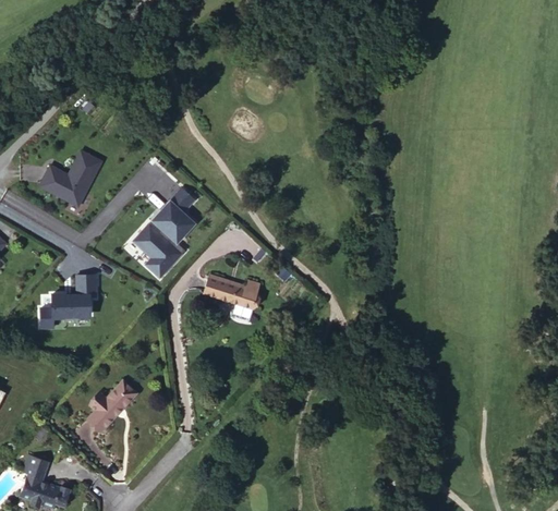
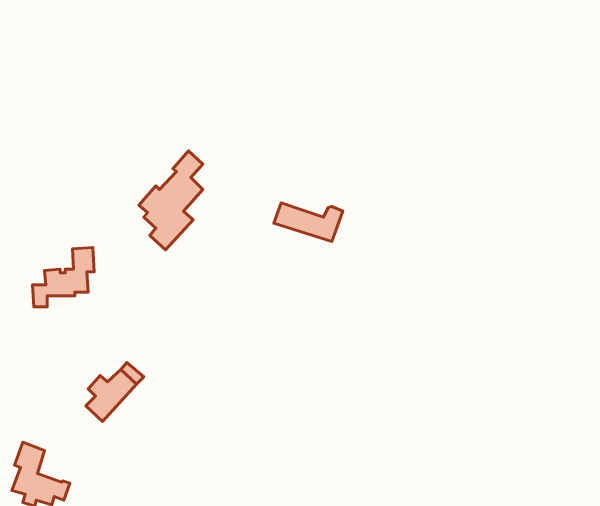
building: [38,150,99,206] -> none
building: [202,275,264,309] -> [274,203,343,241]

